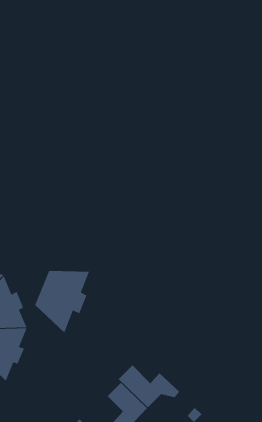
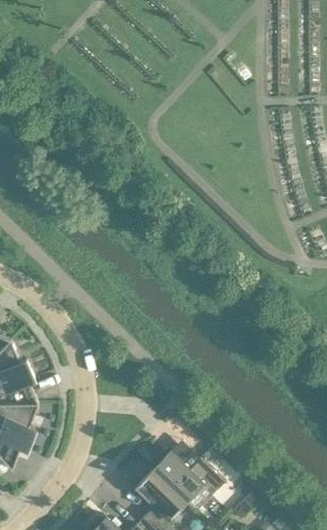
building: [35,270,90,333] -> none

